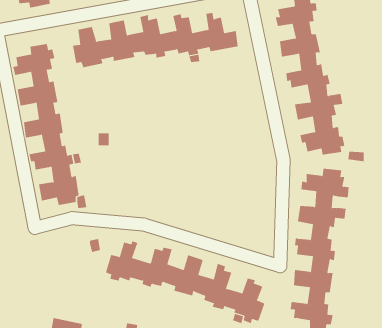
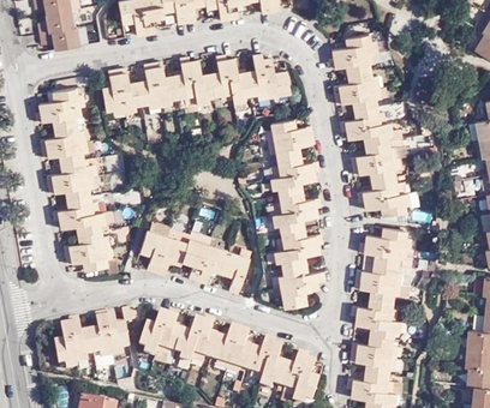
building: none -> [269,119,325,306]
building: none -> [142,218,250,293]
building: none -> [55,310,130,370]

